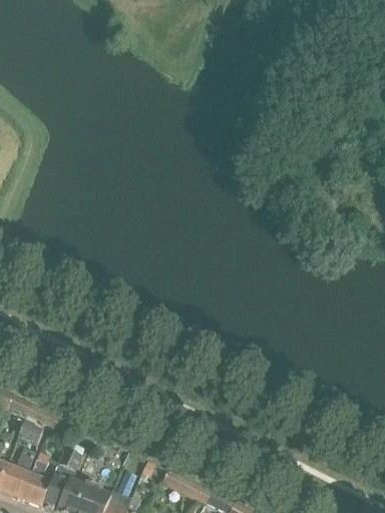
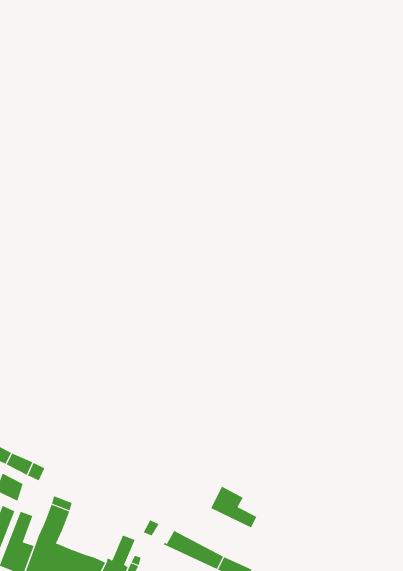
building: none -> [211,486,257,528]

